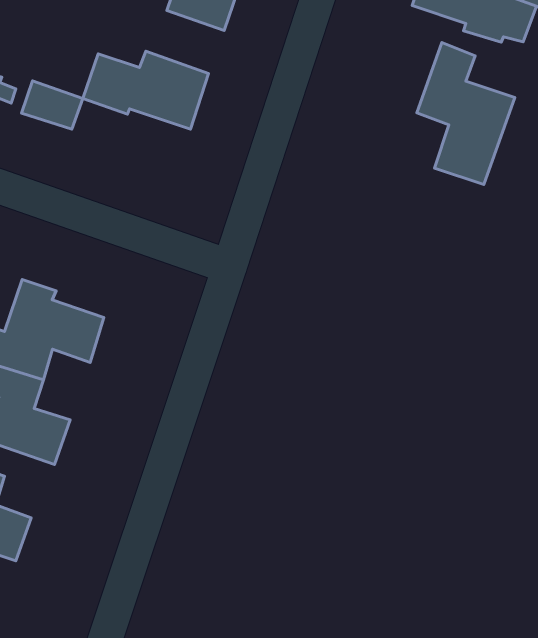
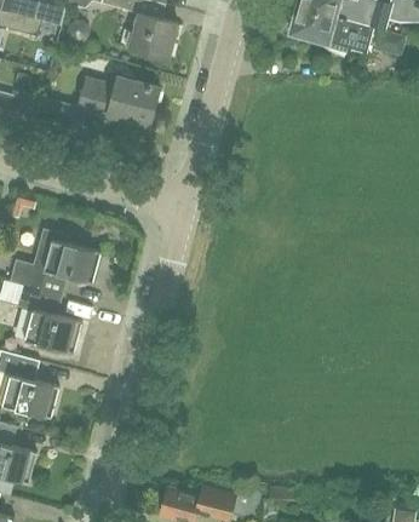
building: [417,43,515,184] -> none

